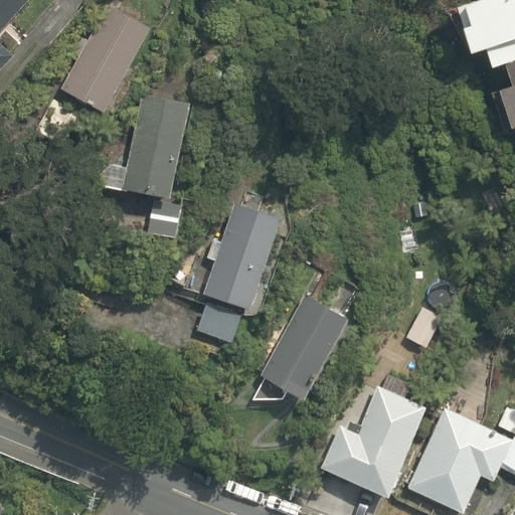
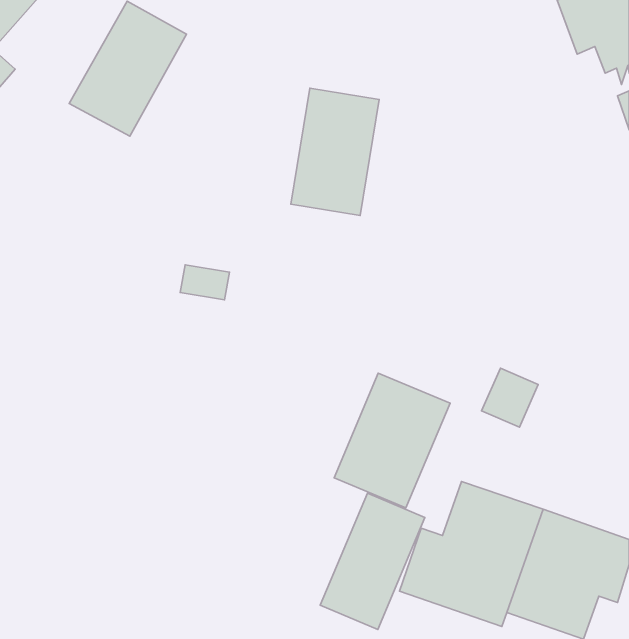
building: [125,96,195,197] -> [291,88,379,215]
building: [195,204,291,353] -> none
building: none -> [320,493,425,629]

